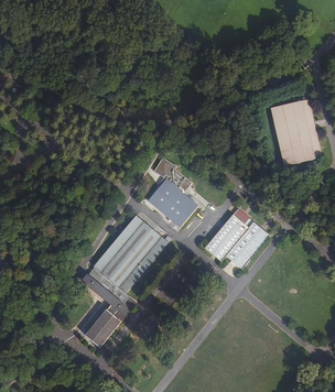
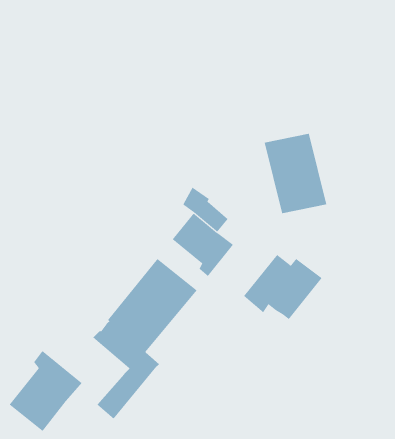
building: [271,100,323,166] -> [264,133,327,214]
building: none -> [9,350,82,432]

